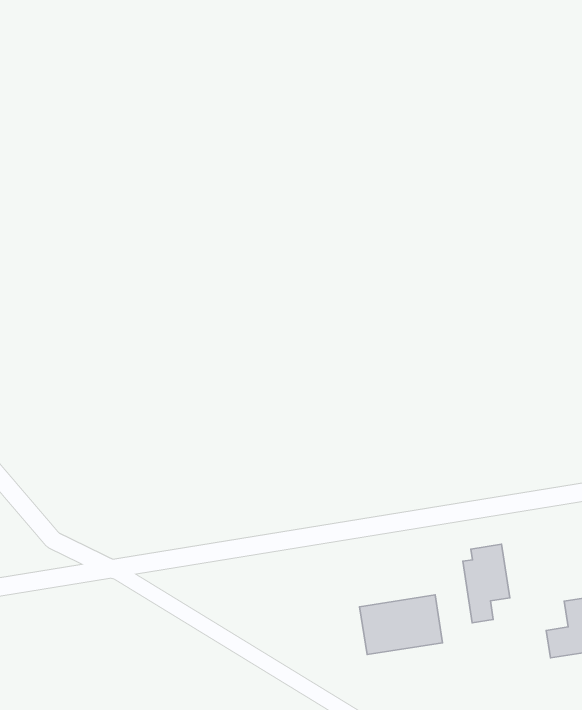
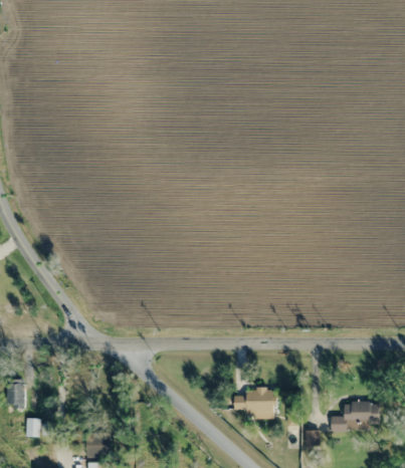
building: [463,544,510,623] -> none

